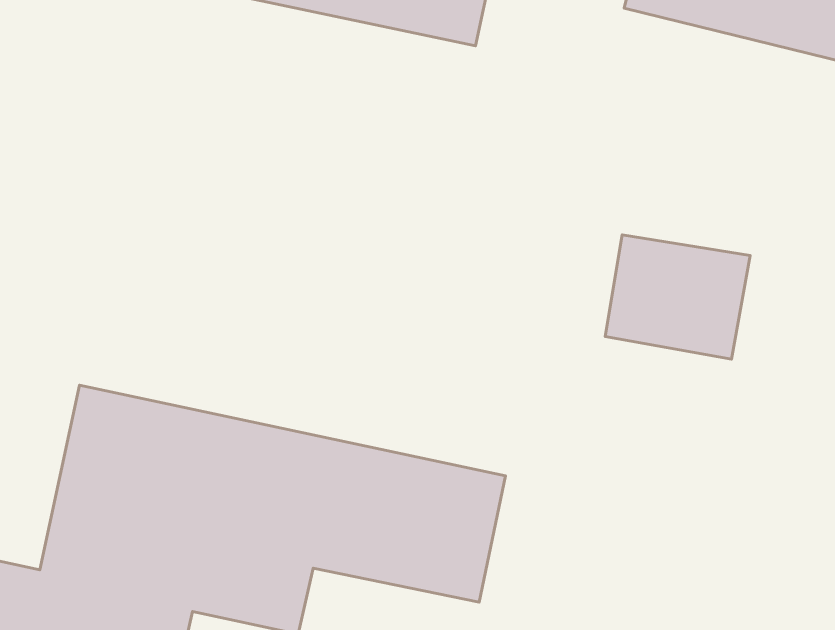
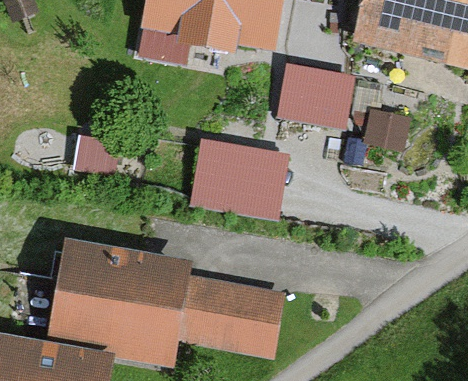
building: none -> [190,136,294,218]
building: [605,235,750,359] -> [282,60,359,126]

